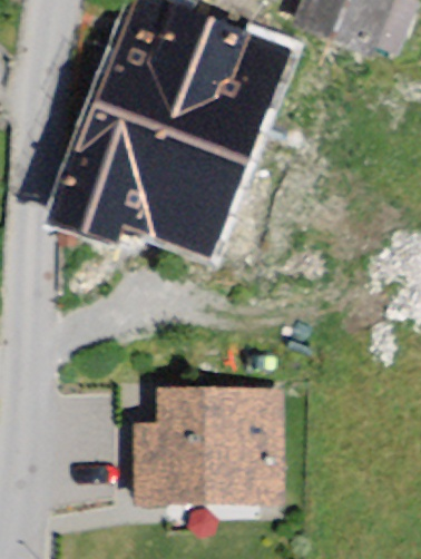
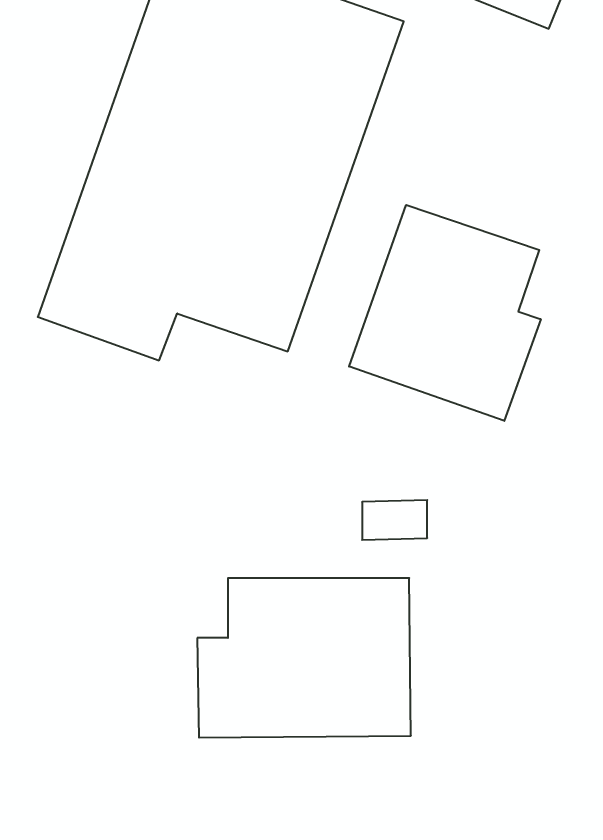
building: none -> [349,205,541,421]

